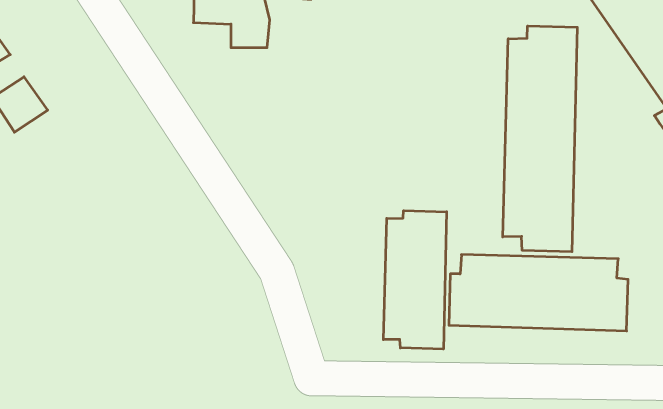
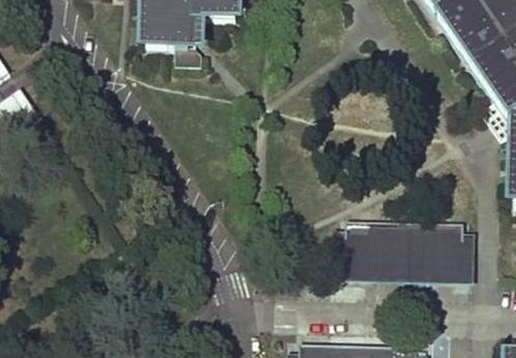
building: [503,26,577,252] -> none
building: [383,211,447,349] -> none

